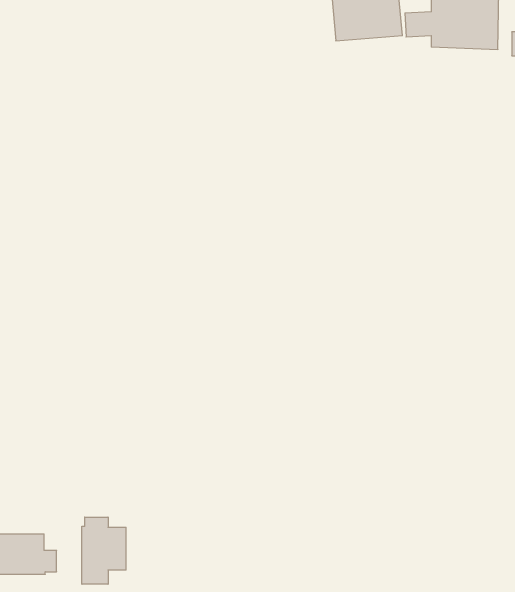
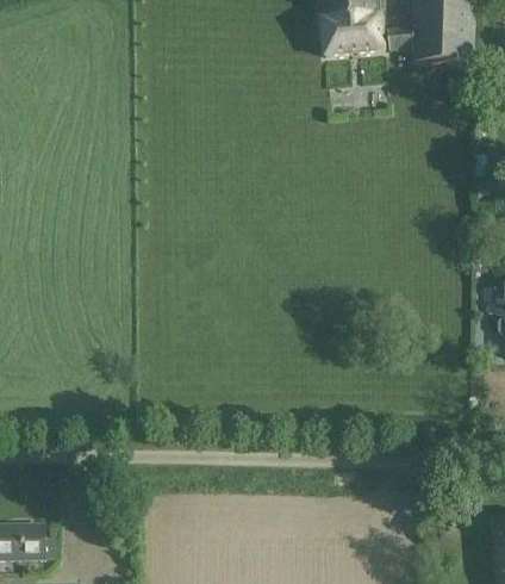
building: [82,517,126,584] -> none

